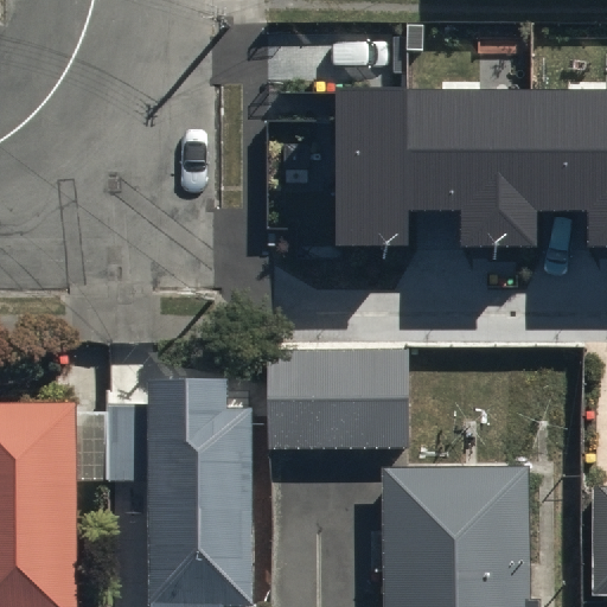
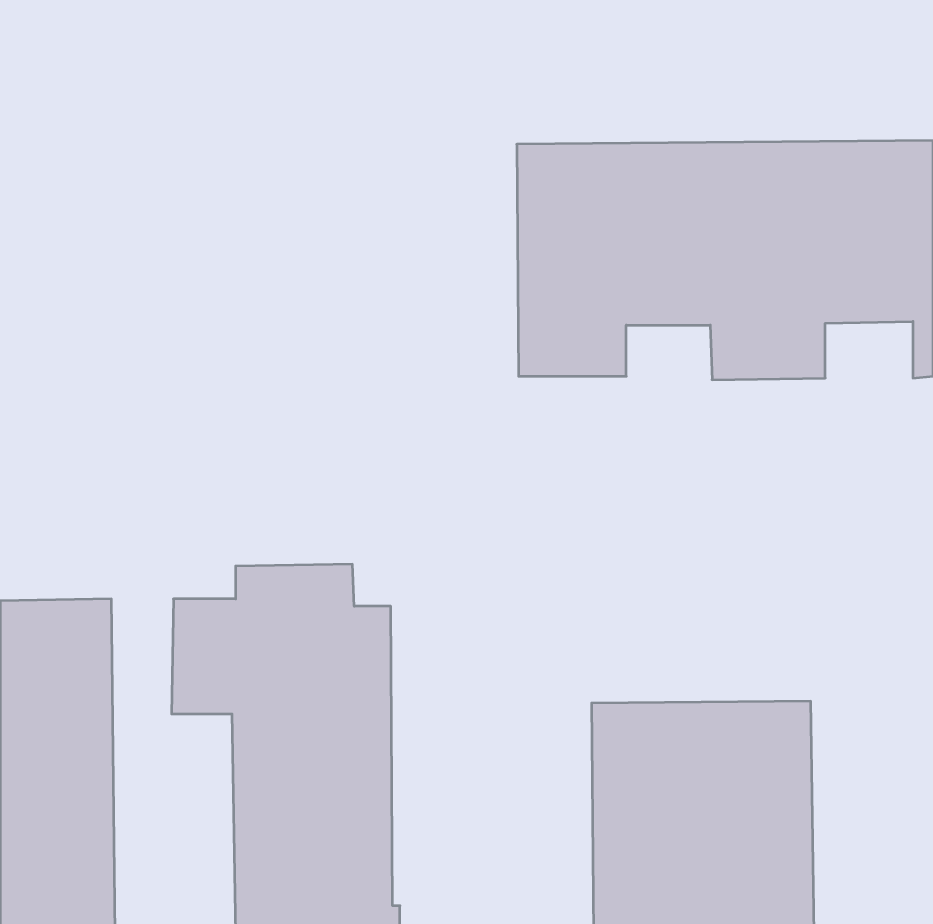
building: [276,344,408,445] -> none

